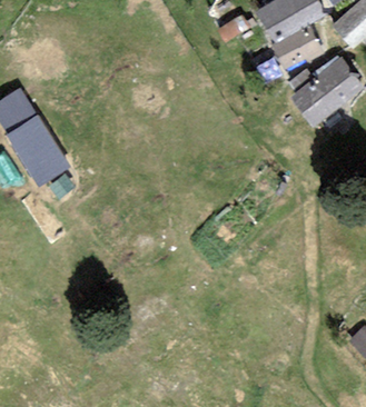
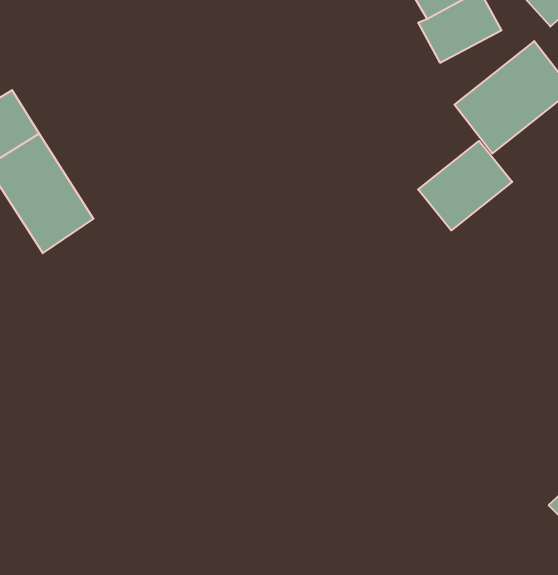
building: none -> [418,141,512,230]

